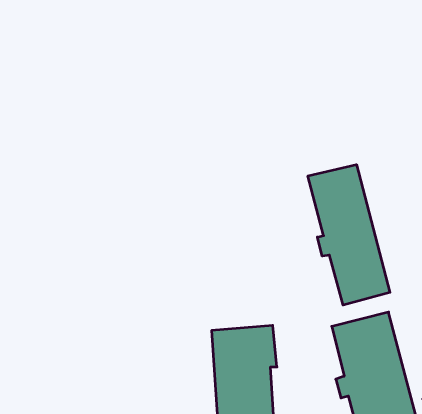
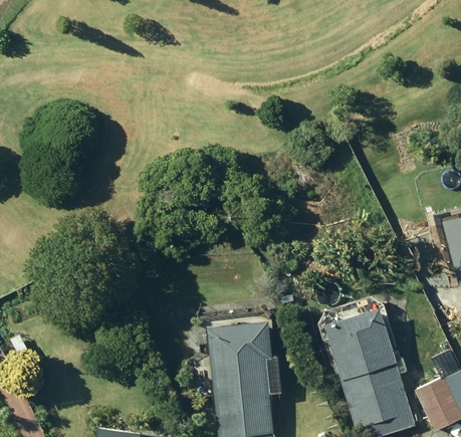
building: [308,165,390,305] -> none

